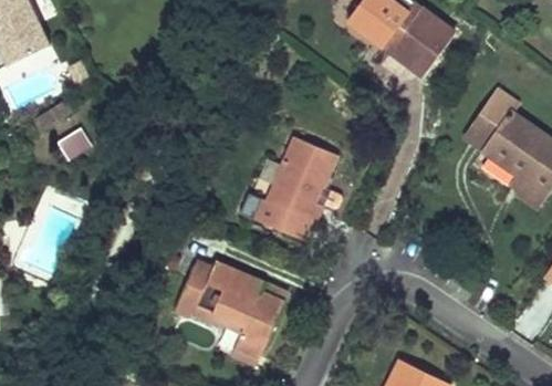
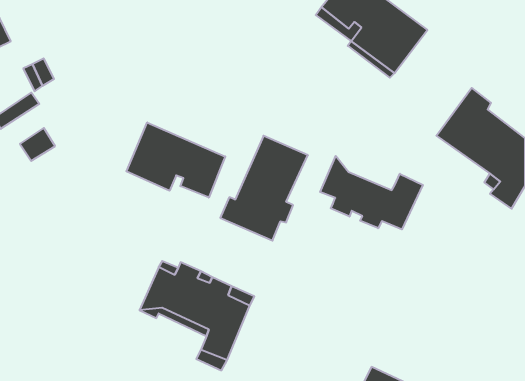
building: none -> [126,122,225,198]
building: none -> [320,156,423,229]

